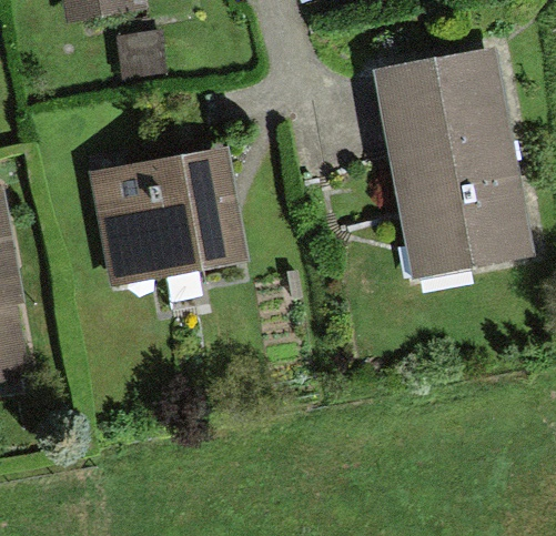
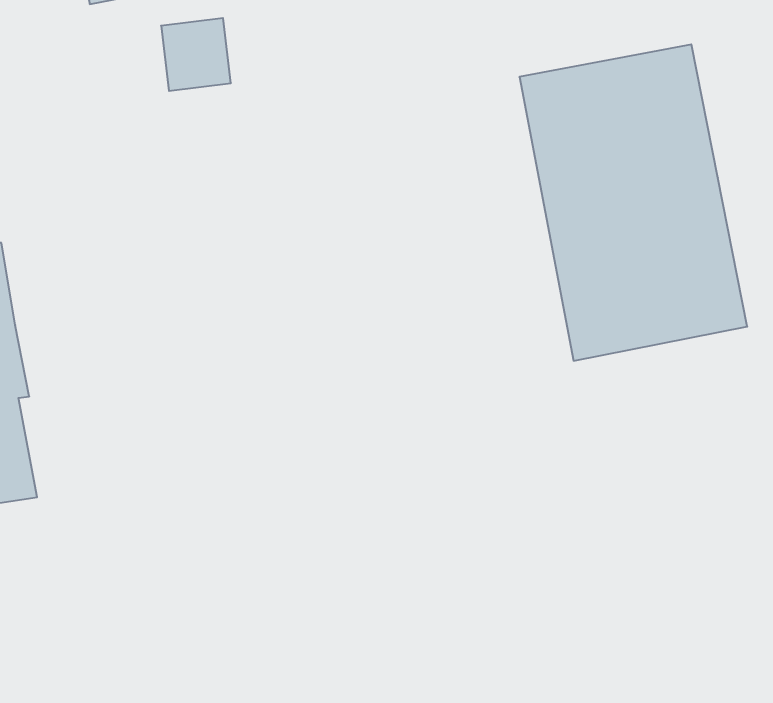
building: [89,145,244,285] -> none

